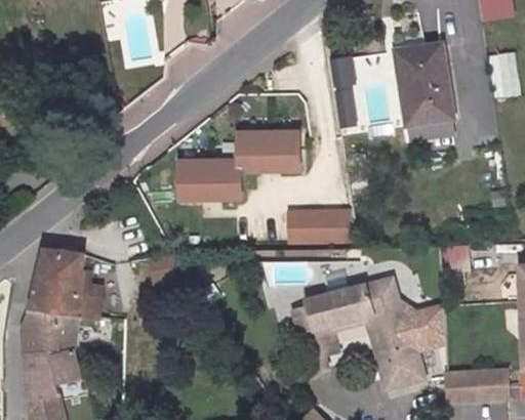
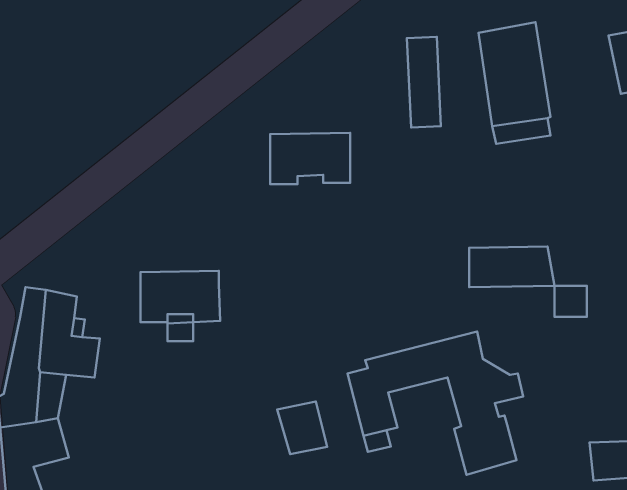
building: [176,159,237,198] -> [140,271,220,322]
building: [285,214,350,245] -> [469,246,554,287]
building: [406,307,446,351] -> none
building: none -> [277,402,327,454]
building: [448,365,481,395] -> none

